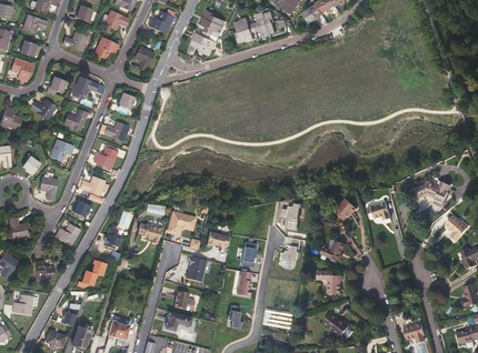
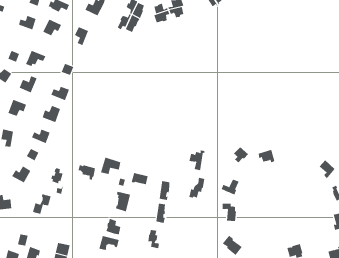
building: [416,180,450,203] -> none

